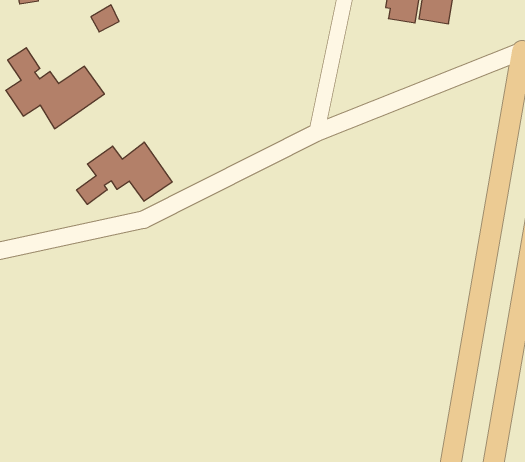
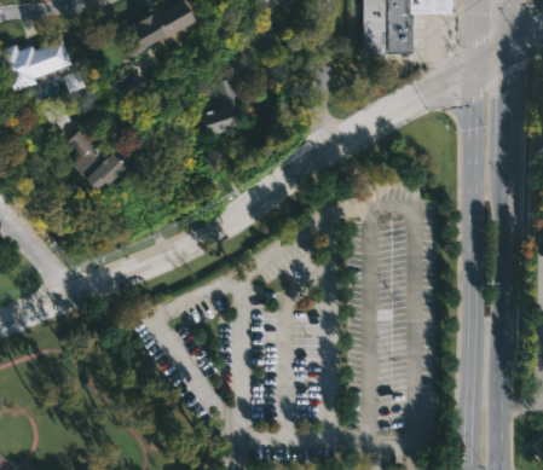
building: none -> [204,76,248,134]
building: [77,142,172,204] -> none

